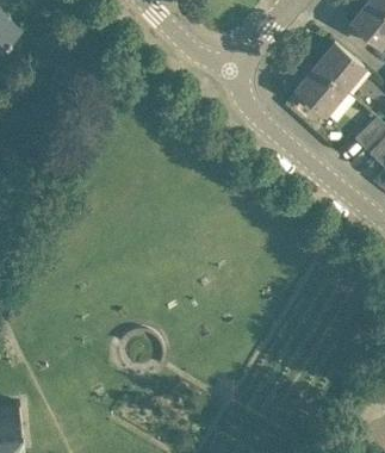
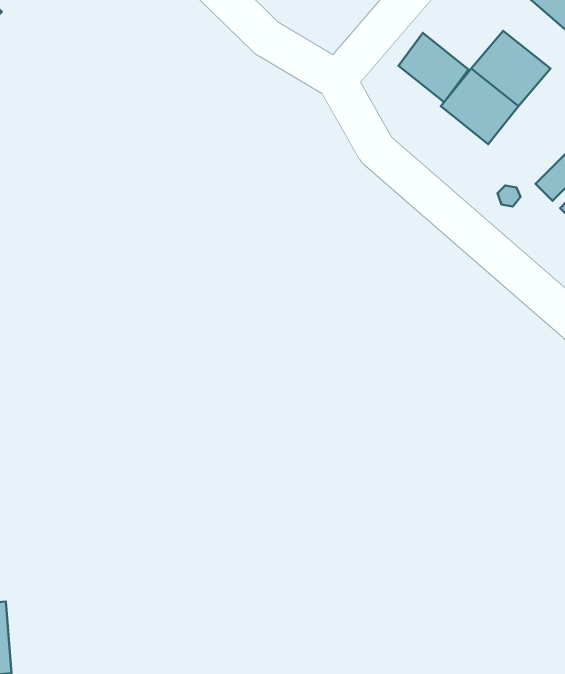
building: none -> [398,33,469,102]

